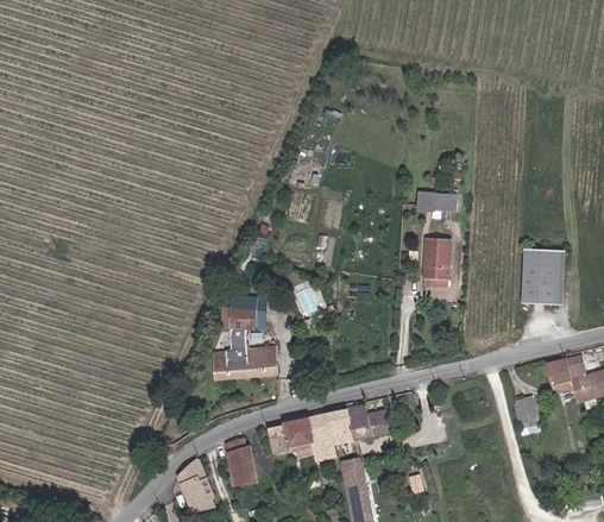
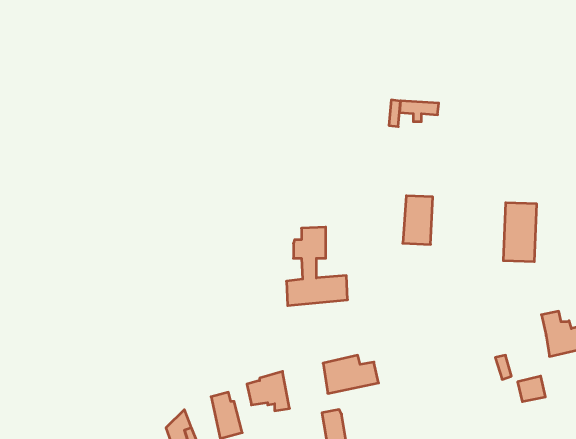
building: [417,191,458,213] -> [399,101,439,122]
building: [213,298,276,379] -> [286,227,348,306]
building: [542,359,571,385] -> [518,376,545,402]
building: [300,409,347,460] -> none

